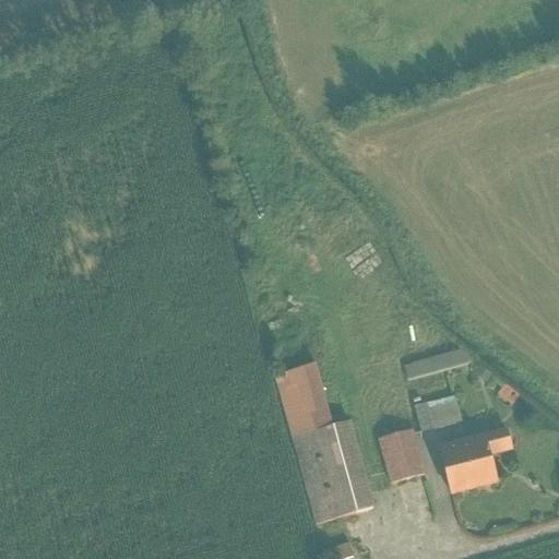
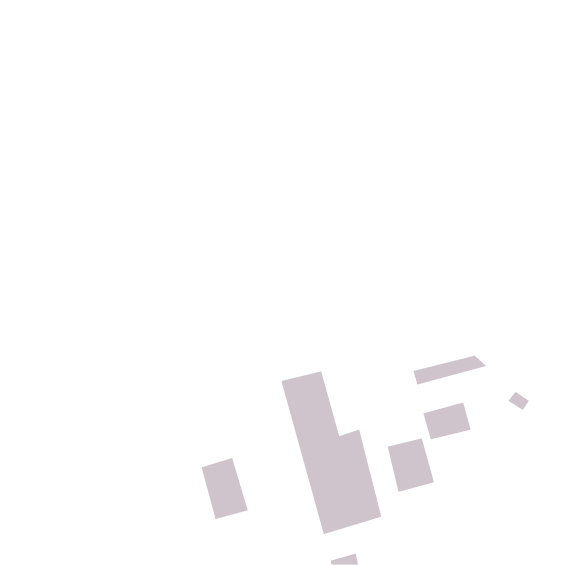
building: [440,426,513,491] -> none
building: none -> [201,457,248,520]

